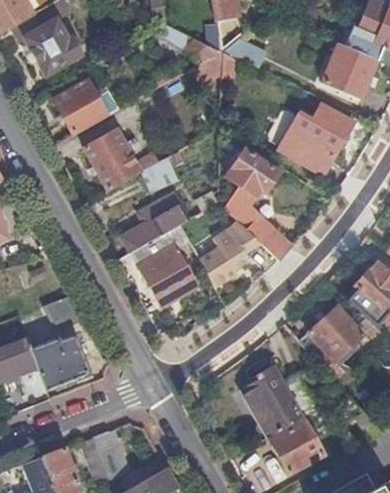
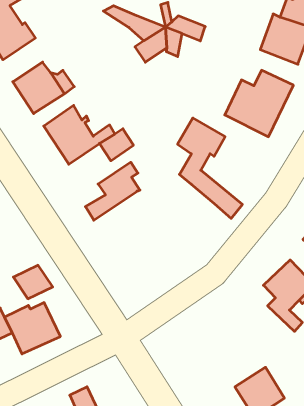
building: [199,219,261,285] -> none
building: [131,223,197,304] -> none
building: [242,364,316,438] -> none

